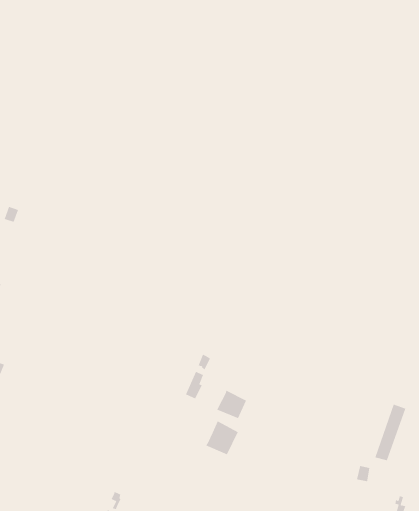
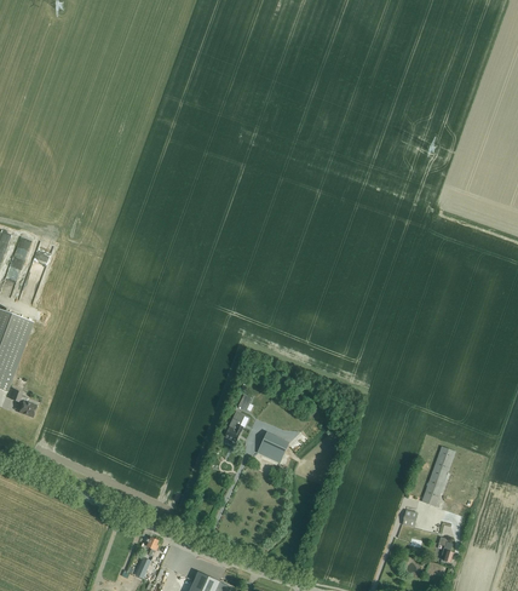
building: [206,421,239,455] -> none

